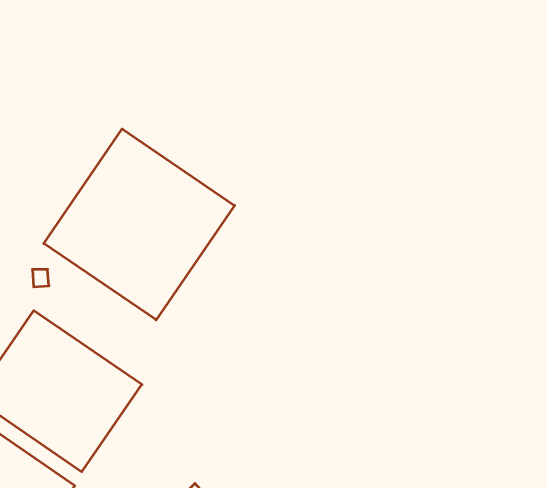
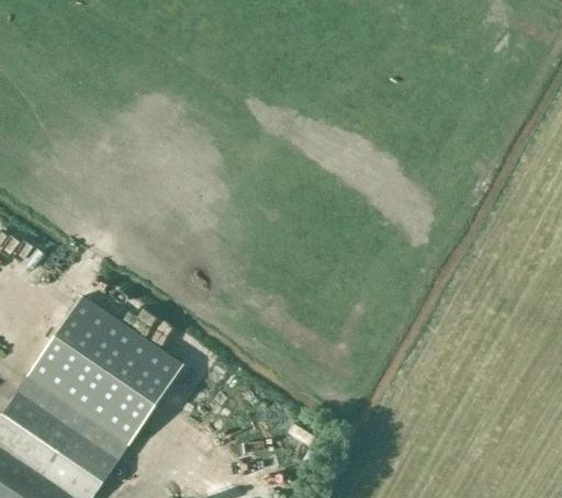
building: [44,129,235,320] -> none

